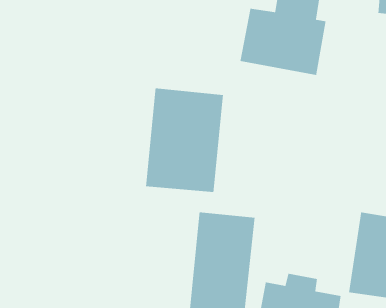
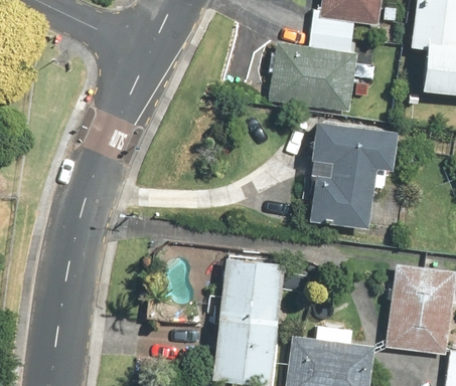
building: none -> [308,120,401,229]
building: [145,87,224,193] -> none

